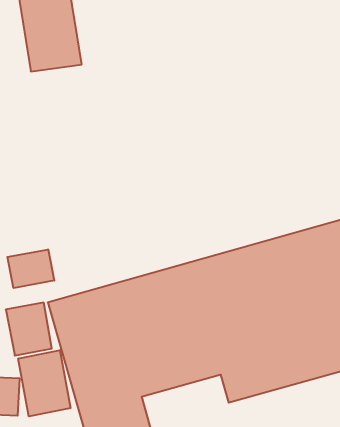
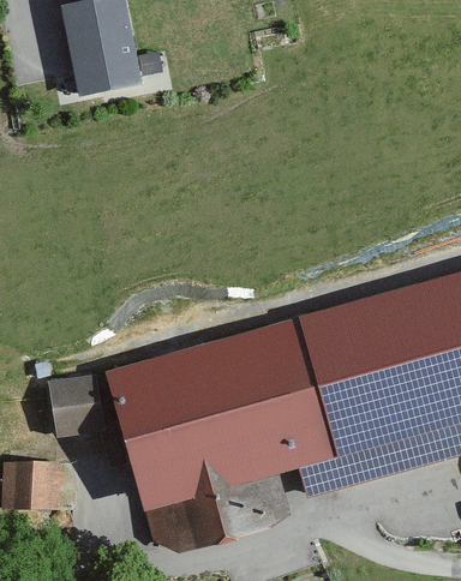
building: [7,249,54,288] -> none
building: [18,350,71,416] -> none

